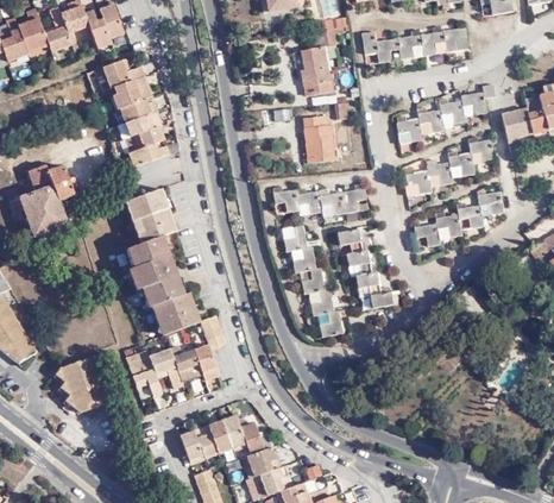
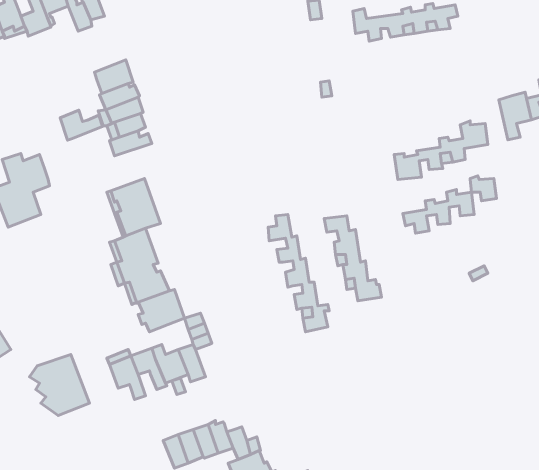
building: [297,38,327,88] -> none
building: [106,62,146,90] -> [60,110,103,140]
building: [395,86,492,138] -> none
building: [300,114,330,161] -> none
building: [272,183,365,213] -> none

